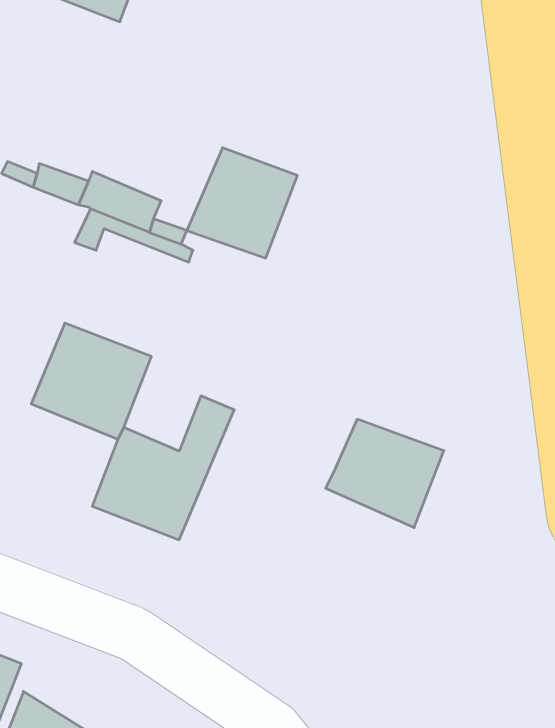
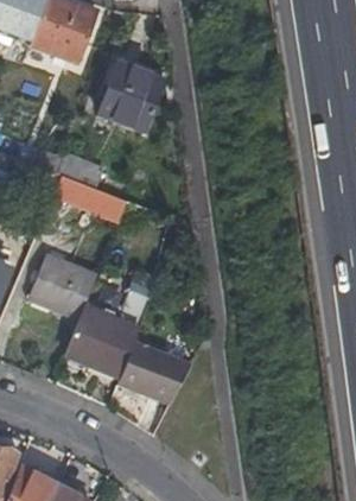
building: [187,148,297,258] -> [95,64,161,131]
building: [326,419,444,528] -> [110,345,182,411]

